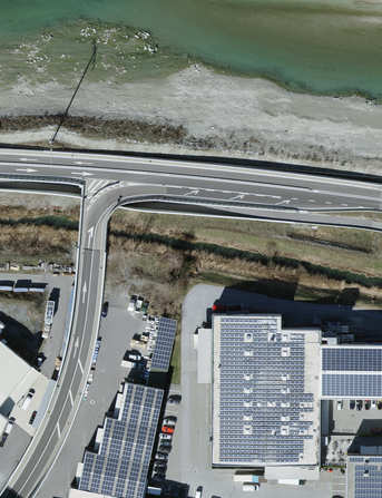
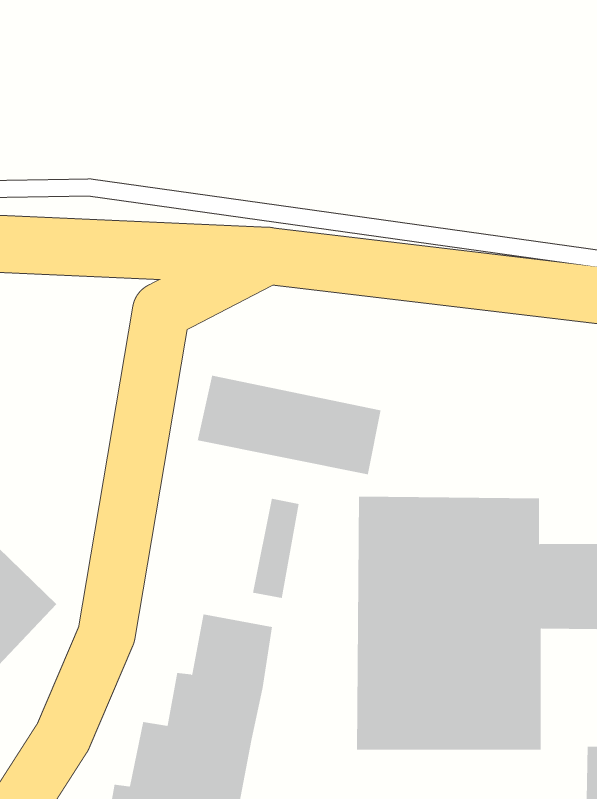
building: none -> [197,375,381,475]

